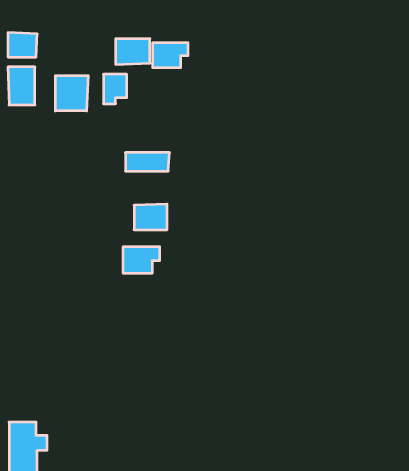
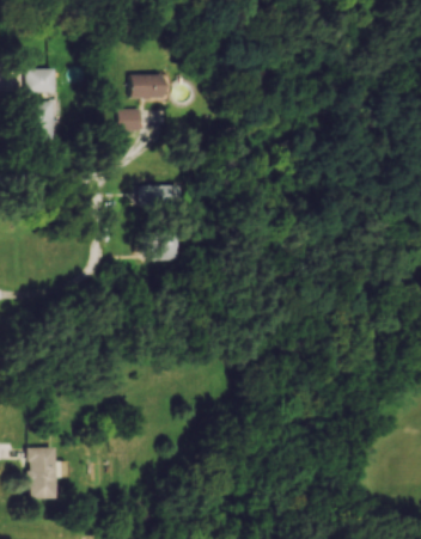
building: [153,43,188,68] -> none
building: [55,76,88,111] -> none
building: [123,247,160,273] -> none

